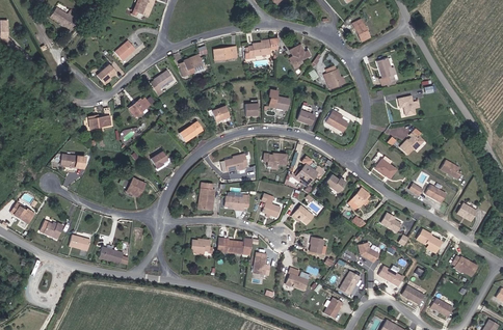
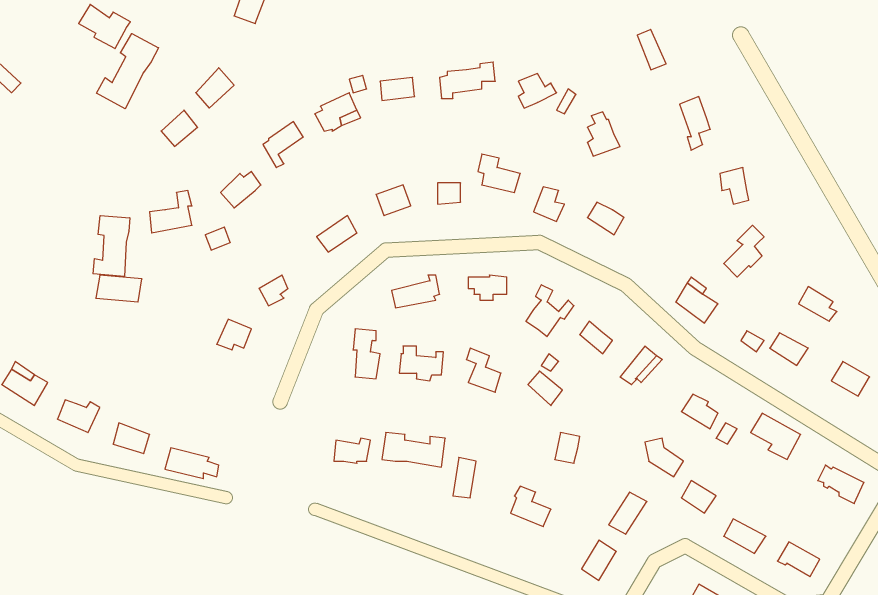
building: none -> [97,34,159,109]
building: none -> [93,216,130,276]

